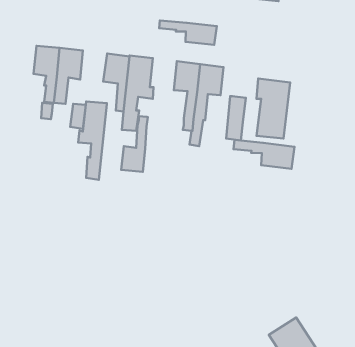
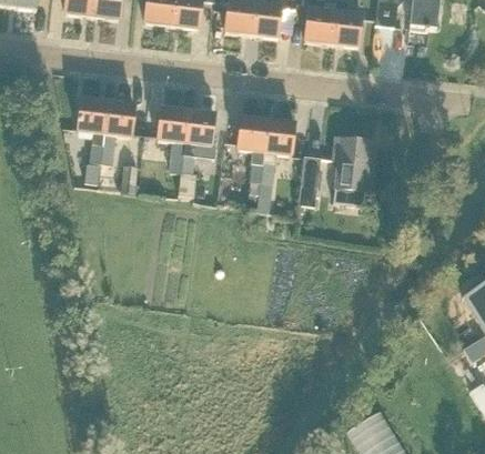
building: [159,20,217,45] -> none
building: [78,102,107,180] -> none
building: [121,116,148,172] -> none
building: [233,140,295,169] -> none

